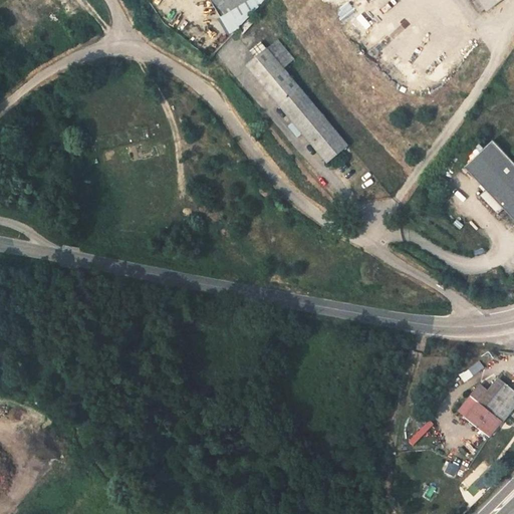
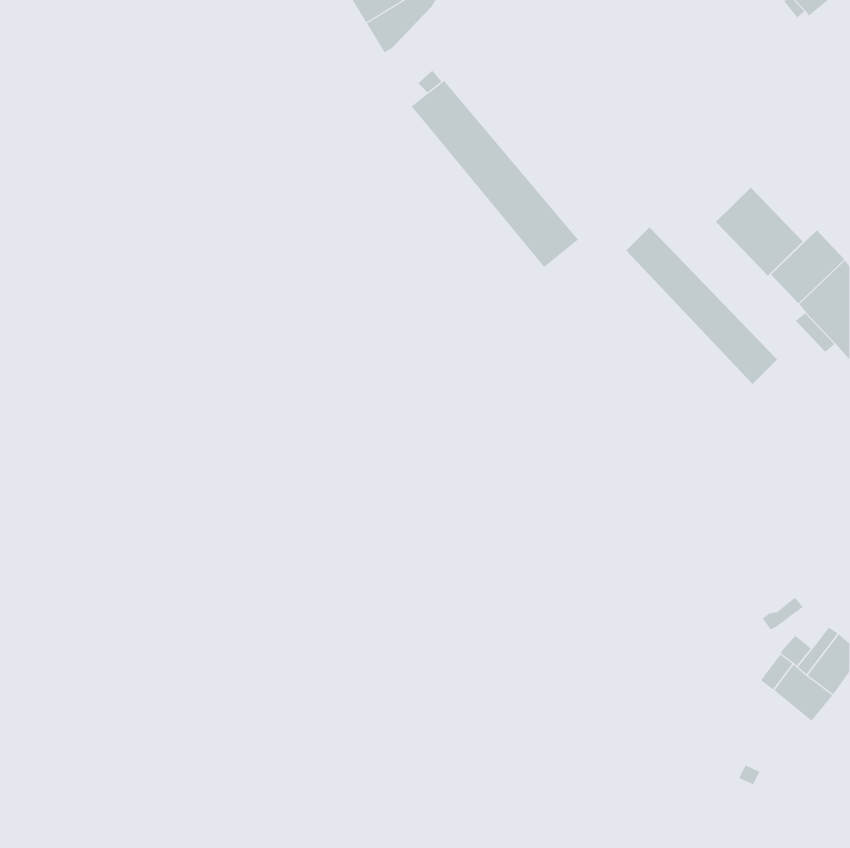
building: none -> [715,187,804,277]
building: none -> [625,226,778,385]

